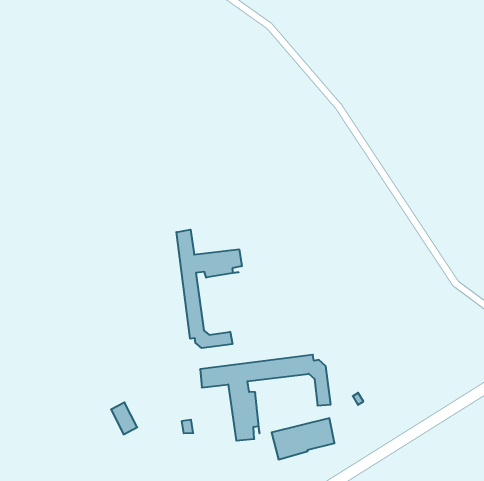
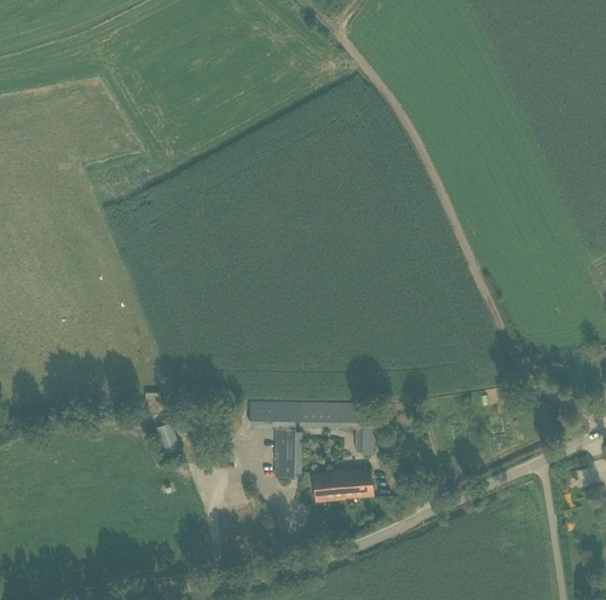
building: [176,230,242,348] -> none

